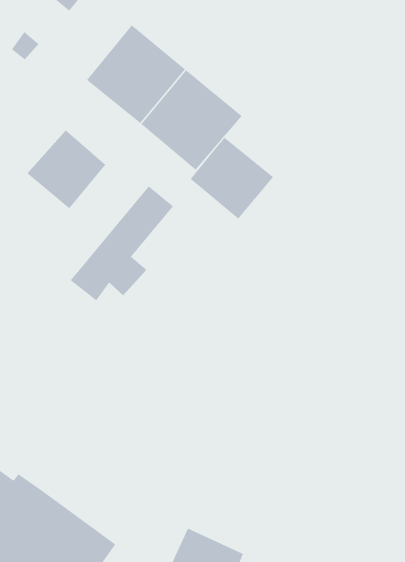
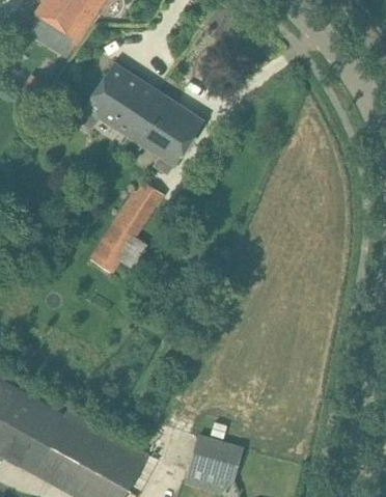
building: [26,129,106,209] -> none
building: [190,137,274,219] -> none

